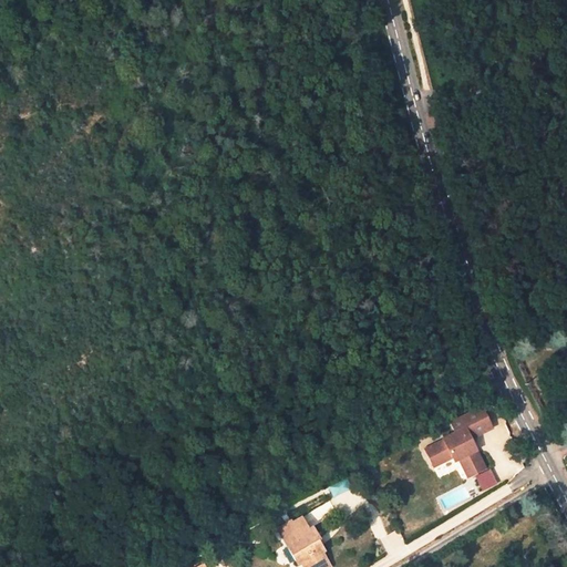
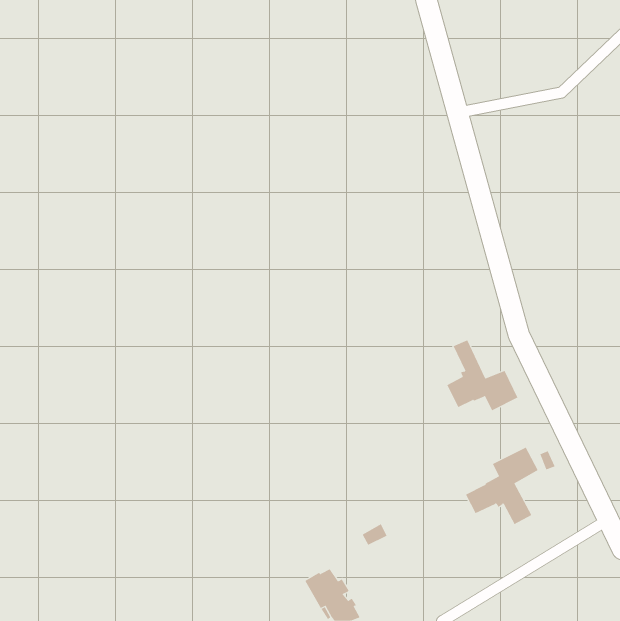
building: none -> [447,339,518,411]

